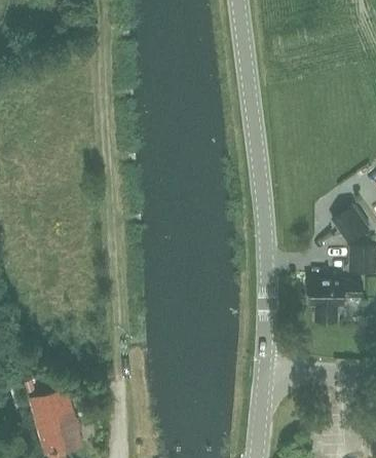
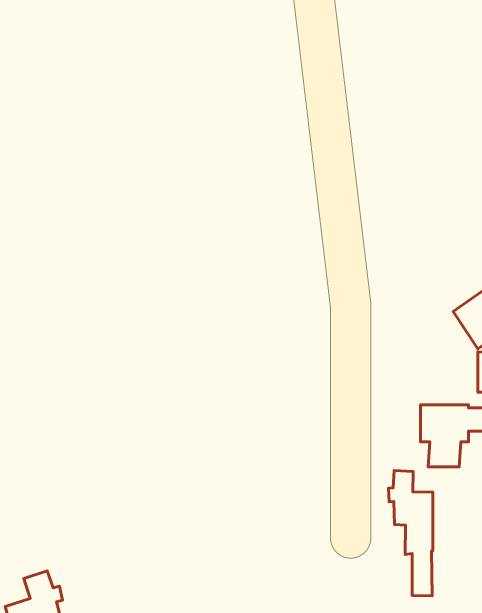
building: none -> [388,471,433,596]

